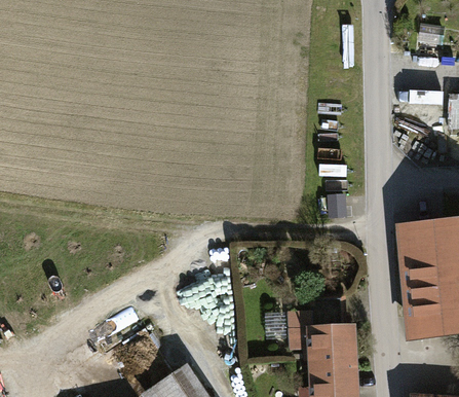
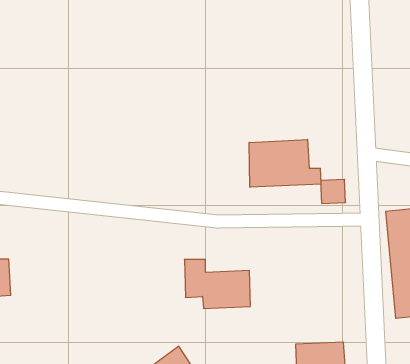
building: none -> [249,139,321,187]
building: [288,311,355,361] -> [184,259,250,308]

